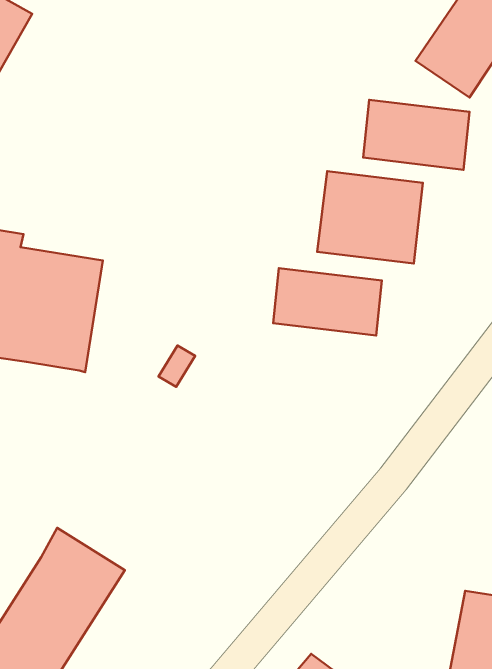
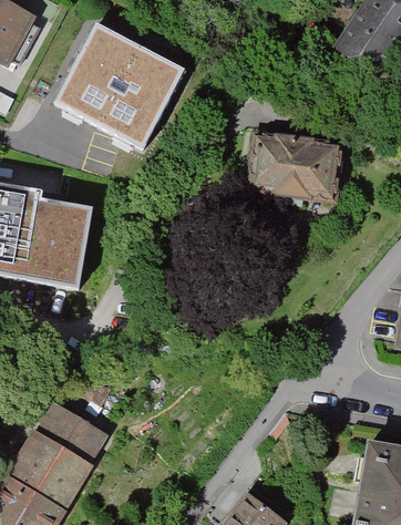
building: none -> [53,21,182,150]
building: [363,100,470,170] -> none
building: [273,268,382,336] -> none

